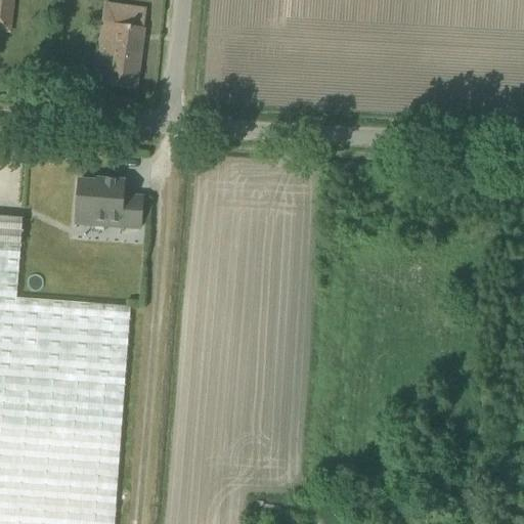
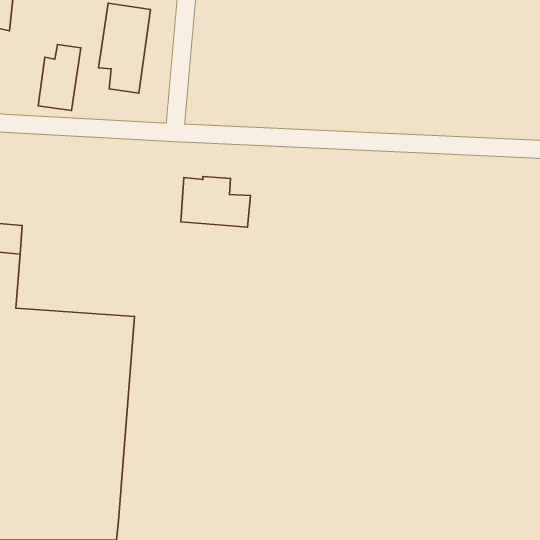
building: none -> [38,44,81,110]
building: [75,179,142,228] -> [181,176,251,227]

